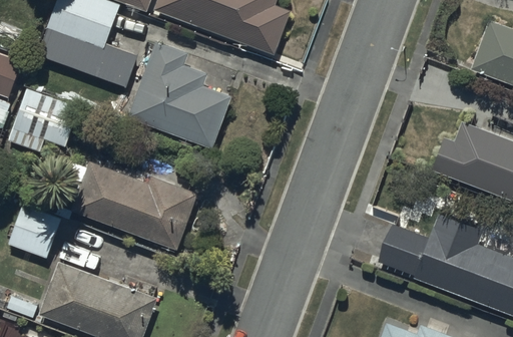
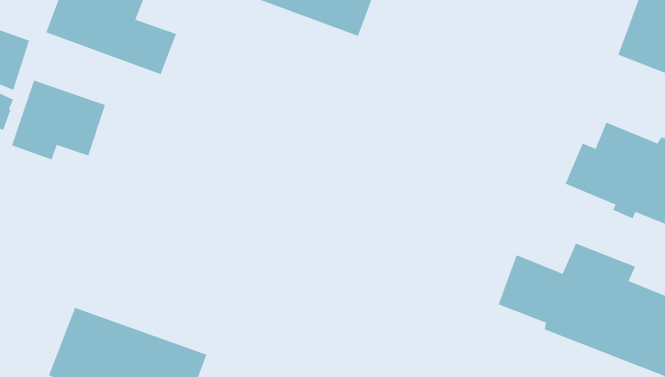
building: [126,41,232,151] -> none
building: [78,165,199,250] -> none
building: [6,205,60,258] -> none

